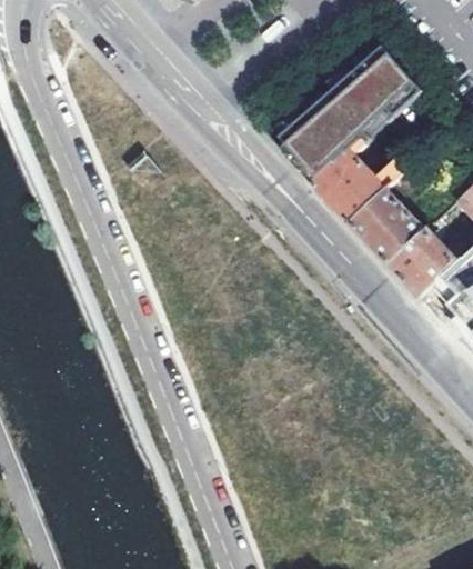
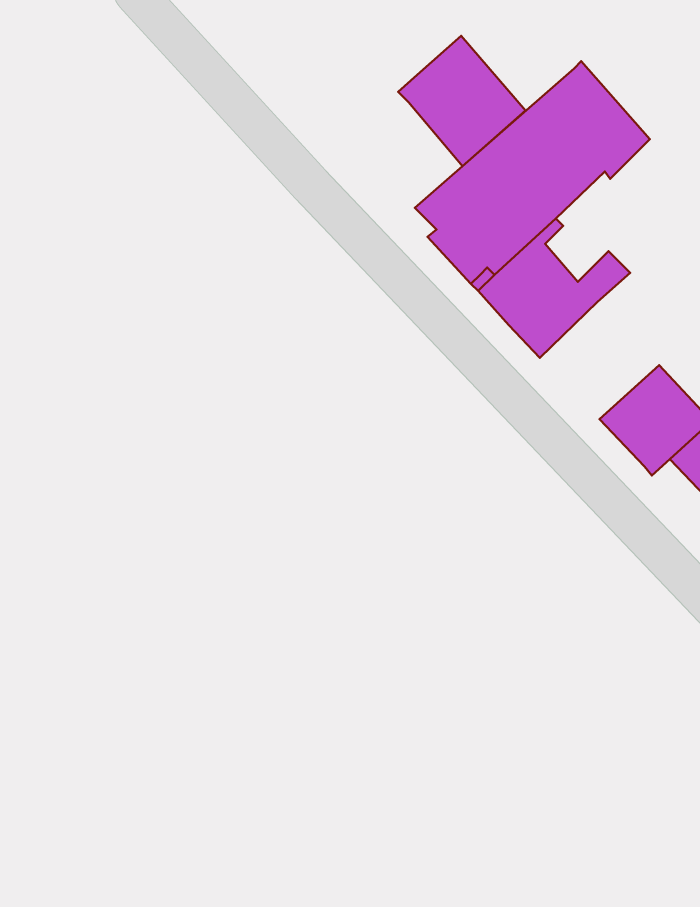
building: none -> [398,36,525,166]
building: [354,191,427,263] -> none

